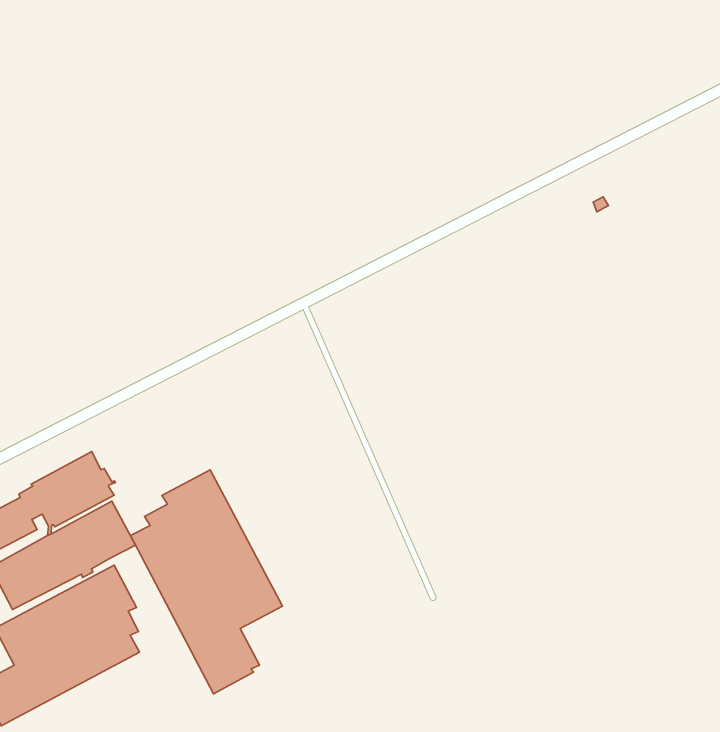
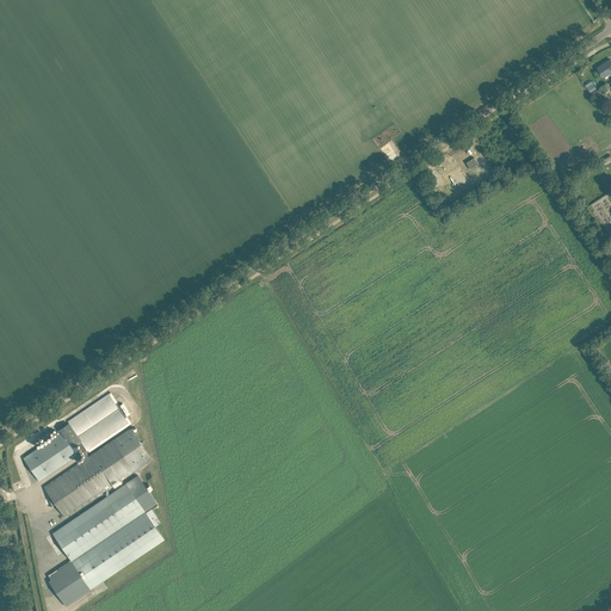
building: [130,470,282,694] -> none

